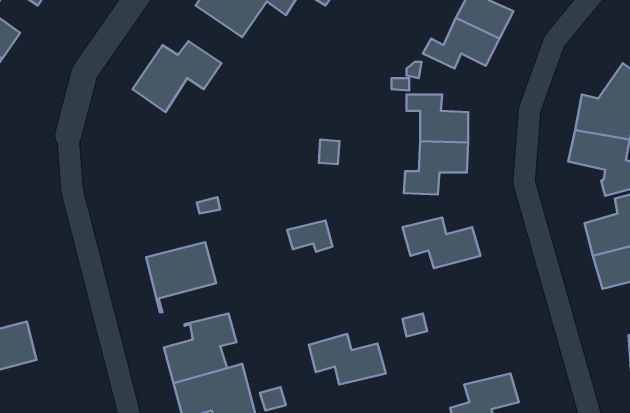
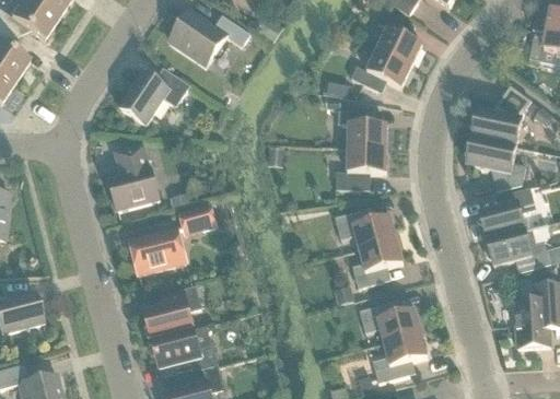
building: none -> [108,145,159,220]
building: [287,220,332,252] -> [178,204,214,230]
building: none -> [351,239,401,289]
building: [309,334,386,384] -> [359,302,420,342]

